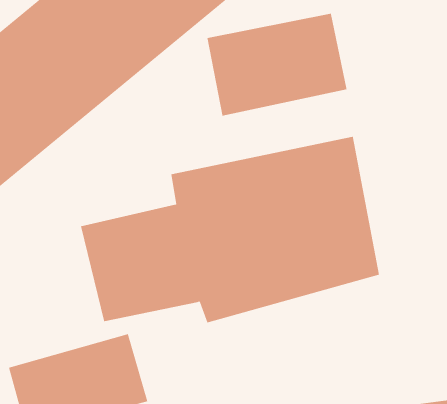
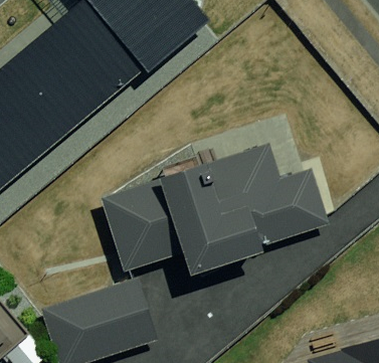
building: [207,13,347,116] -> none

